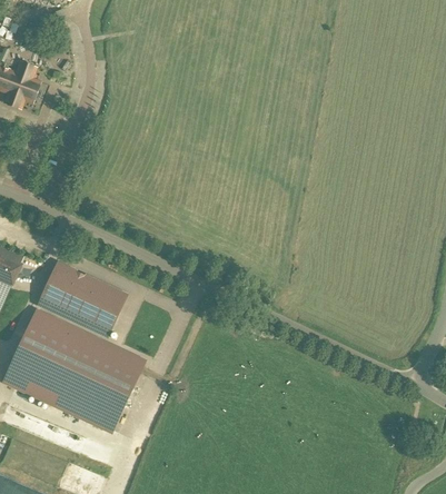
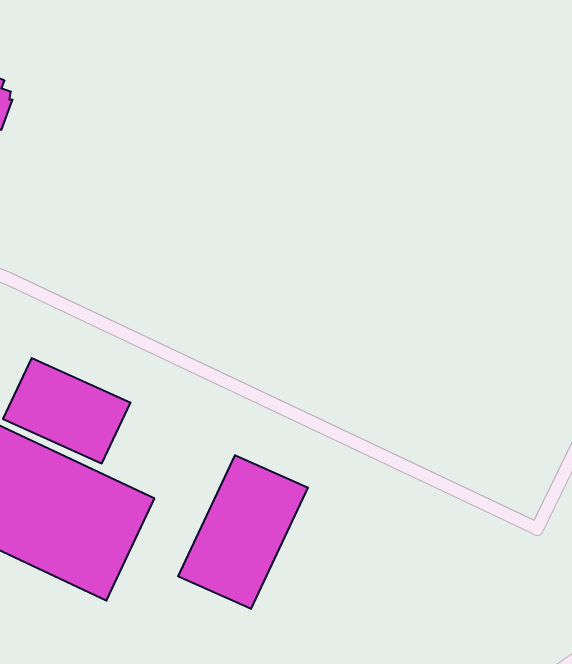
building: none -> [178,455,308,609]

